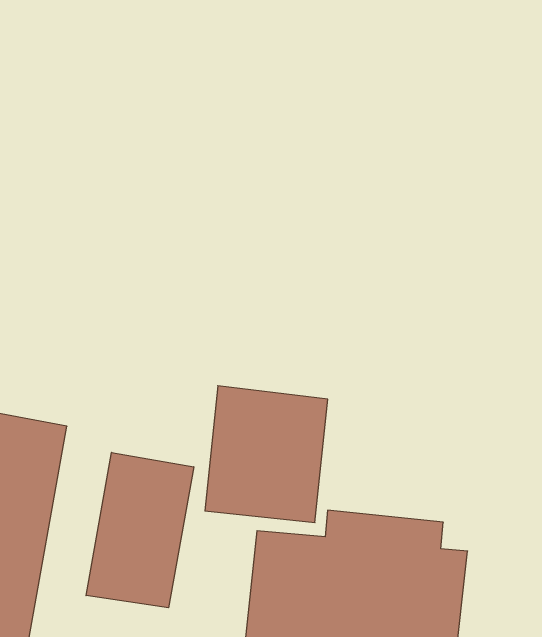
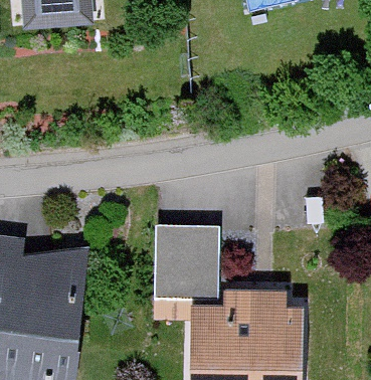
building: [86,452,194,608] -> none

